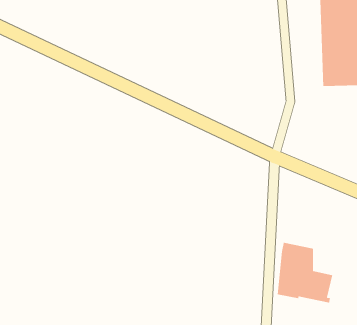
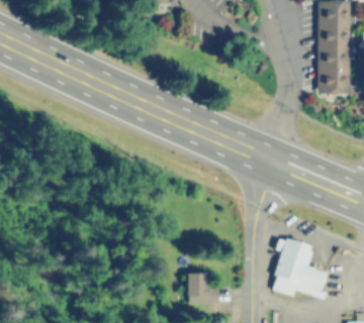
building: none -> [190,275,220,305]

